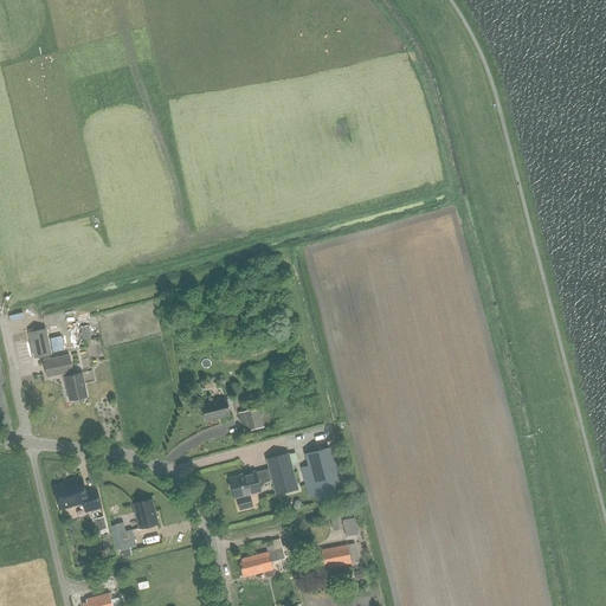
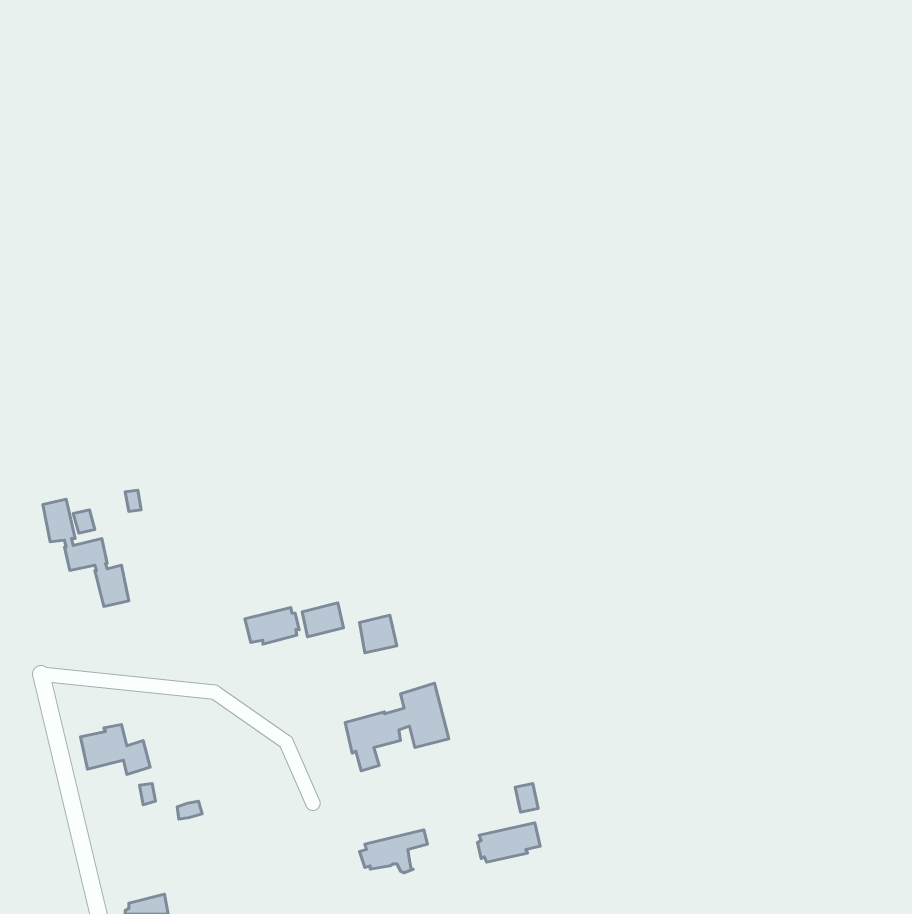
building: none -> [245,607,299,644]
building: [304,446,343,501] -> none
building: [133,499,157,529] -> none

